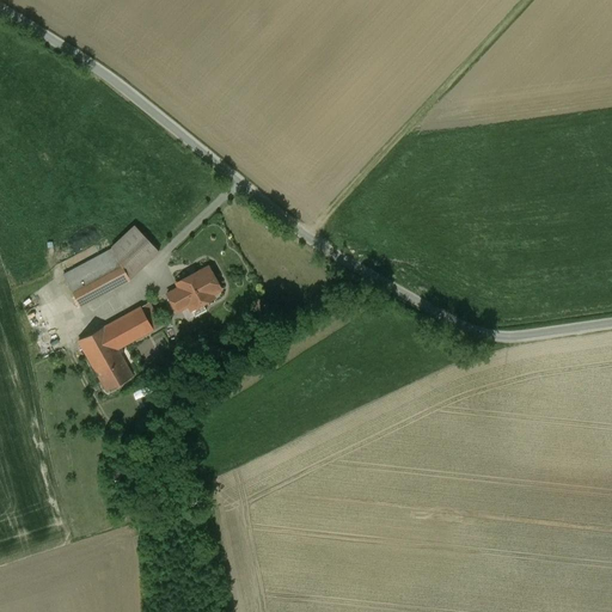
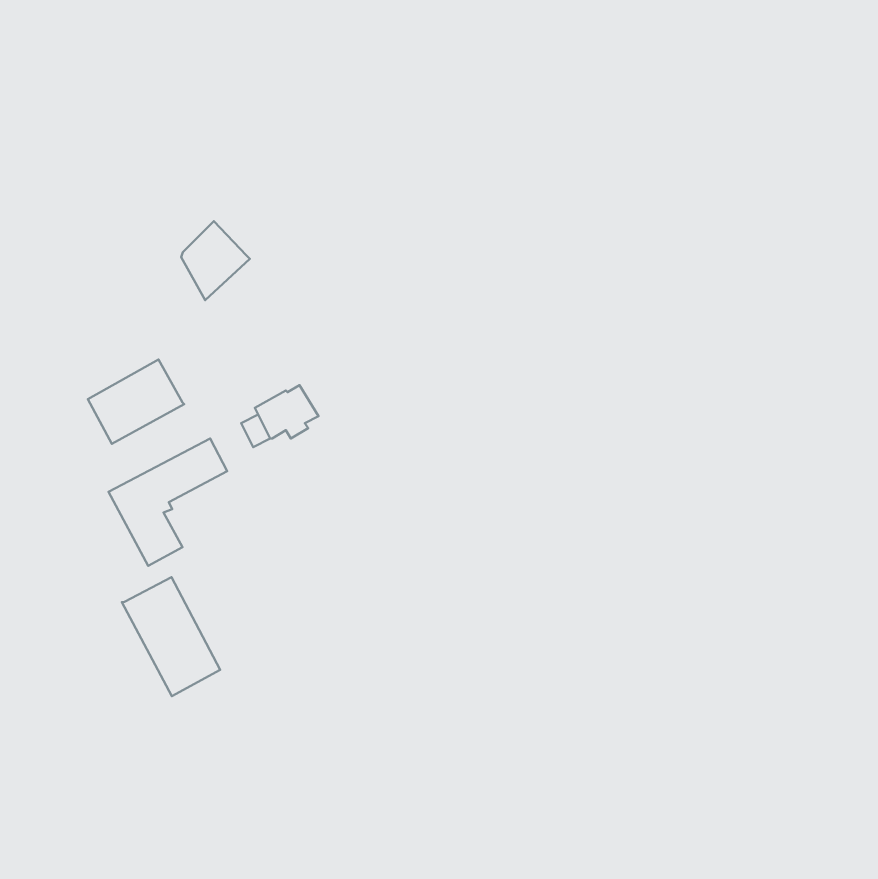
building: [111,225,159,280] -> [181,221,250,300]
building: none -> [122,577,220,696]

